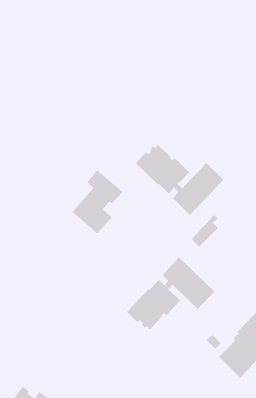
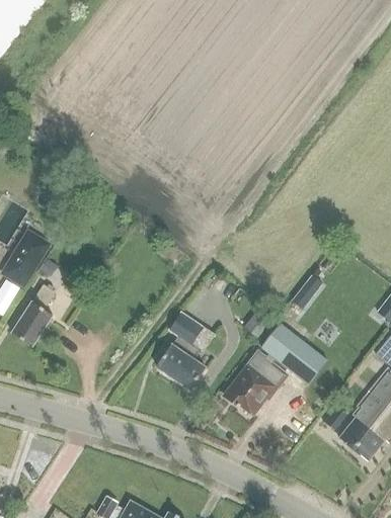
building: [135,144,224,216] -> none
building: [72,169,123,234] -> [155,312,215,390]

